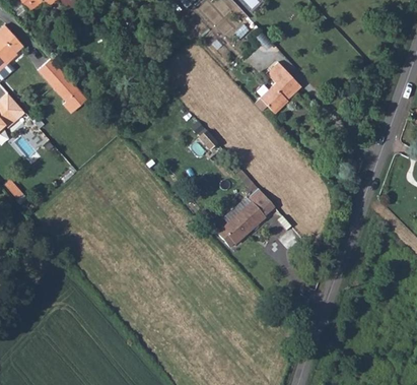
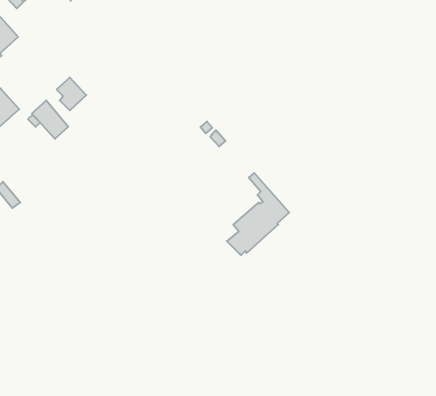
building: [38,58,71,93] -> [32,100,68,139]
building: [259,62,300,113] -> none

